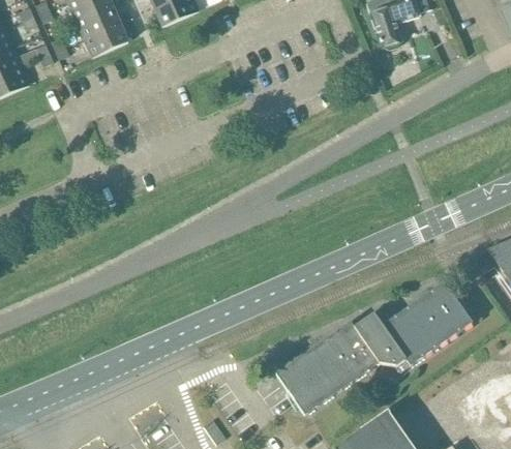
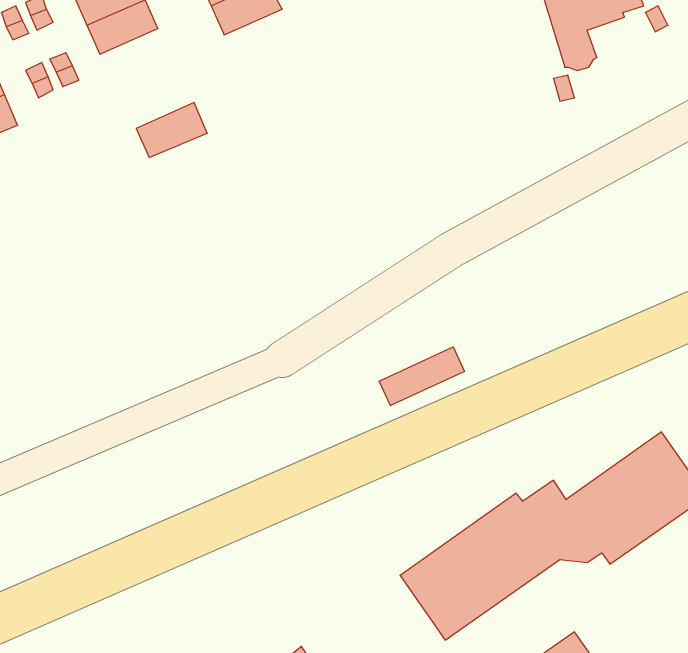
building: [84,22,129,57] -> [136,103,207,157]
building: none -> [379,347,465,406]

